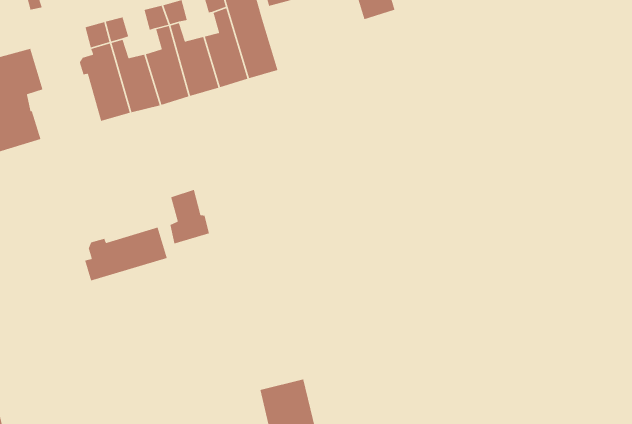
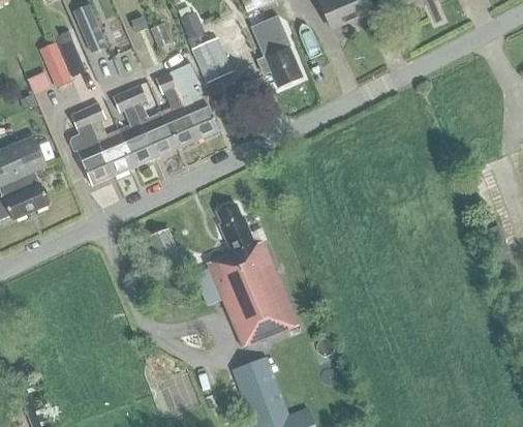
building: none -> [207,201,299,346]
building: [84,227,168,282] -> none

